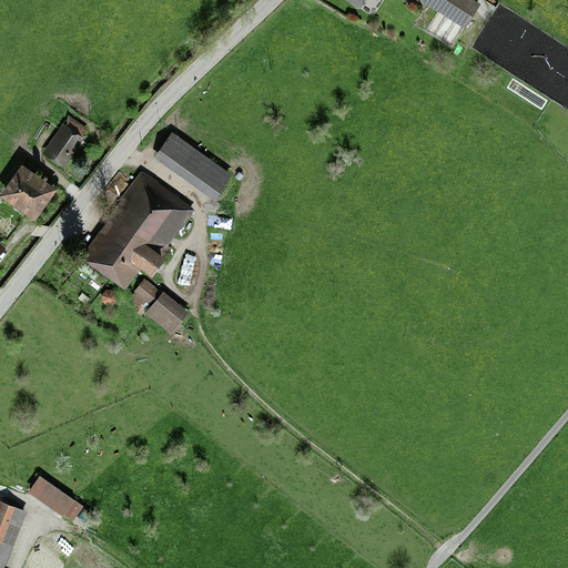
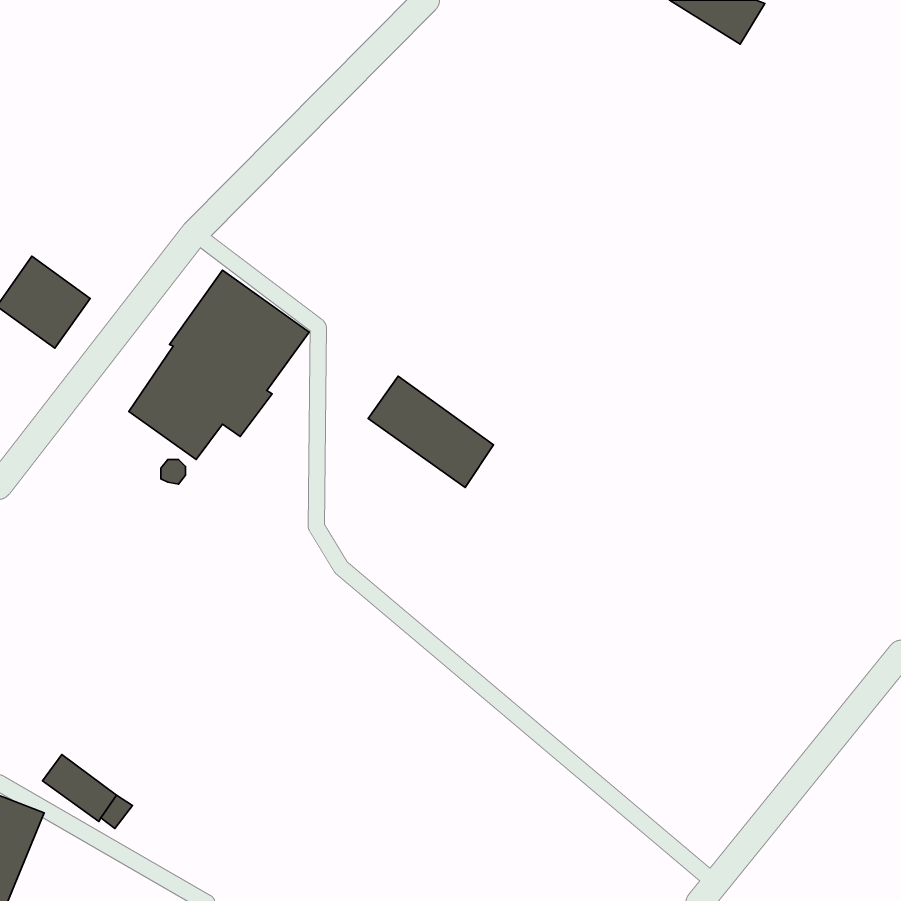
building: [40,115,88,169] -> none
building: [153,131,232,201] -> [368,376,494,487]
building: [128,278,189,334] -> none

